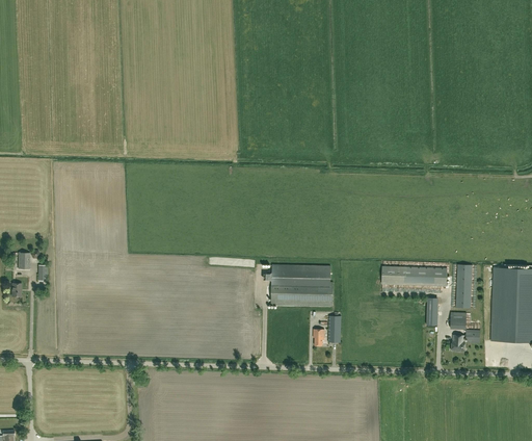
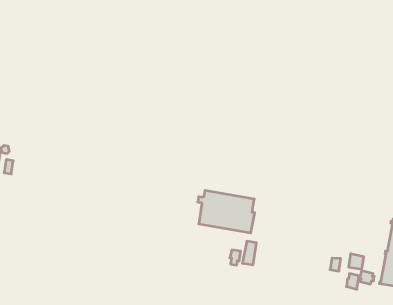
building: [456,264,473,308] -> none
building: [382,266,447,286] -> none

